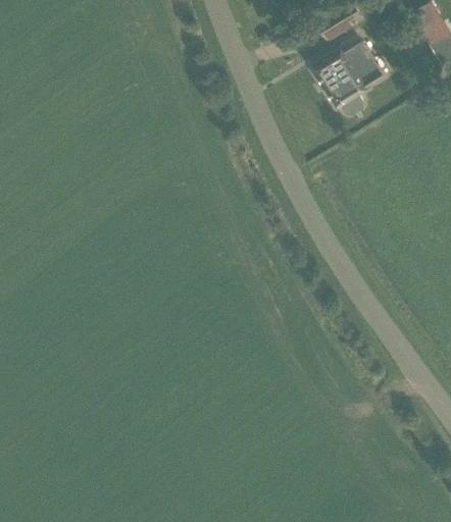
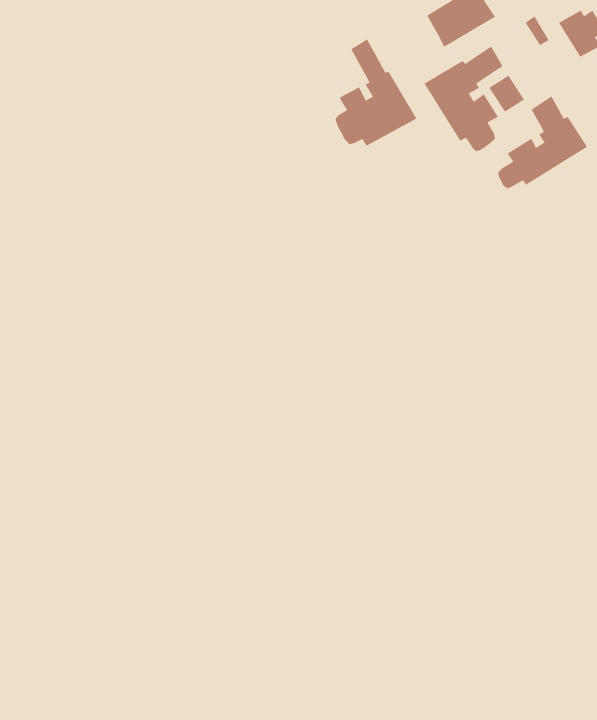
building: none -> [335,38,417,146]
building: none -> [497,95,588,189]

